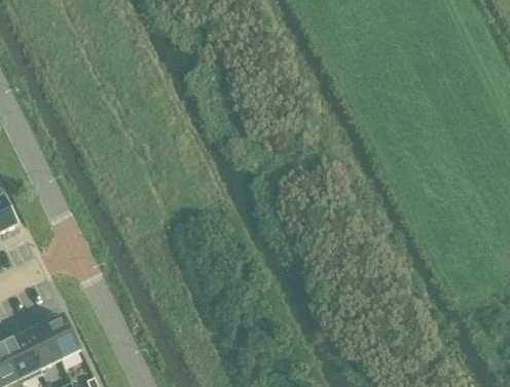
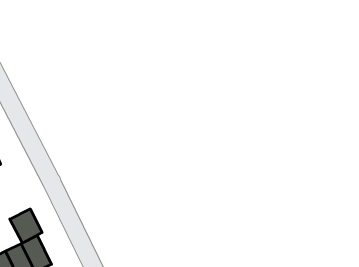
building: none -> [10,209,42,243]

